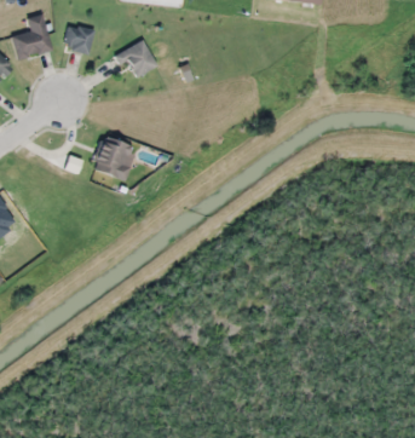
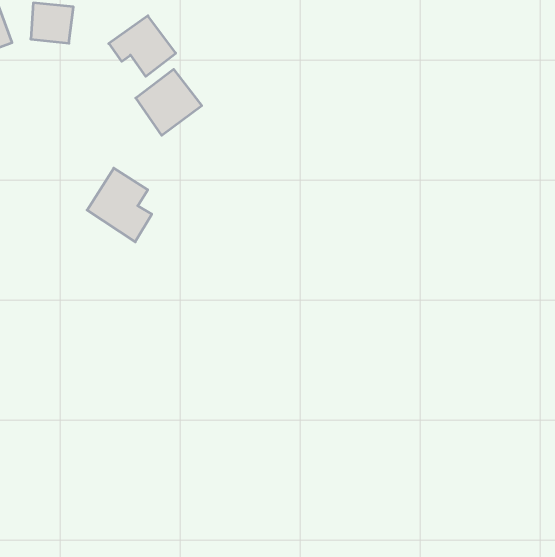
building: none -> [136,69,202,135]

